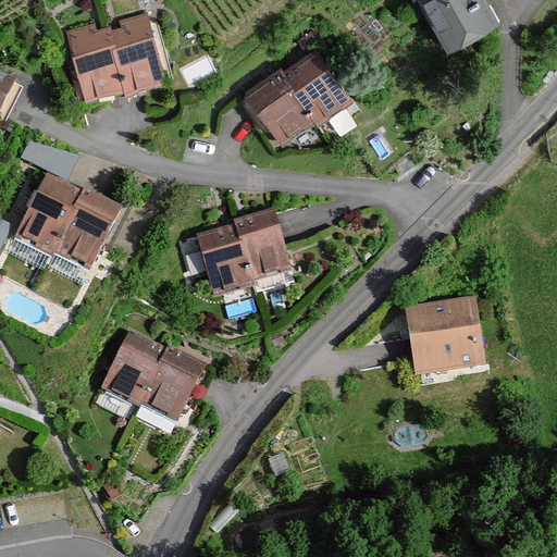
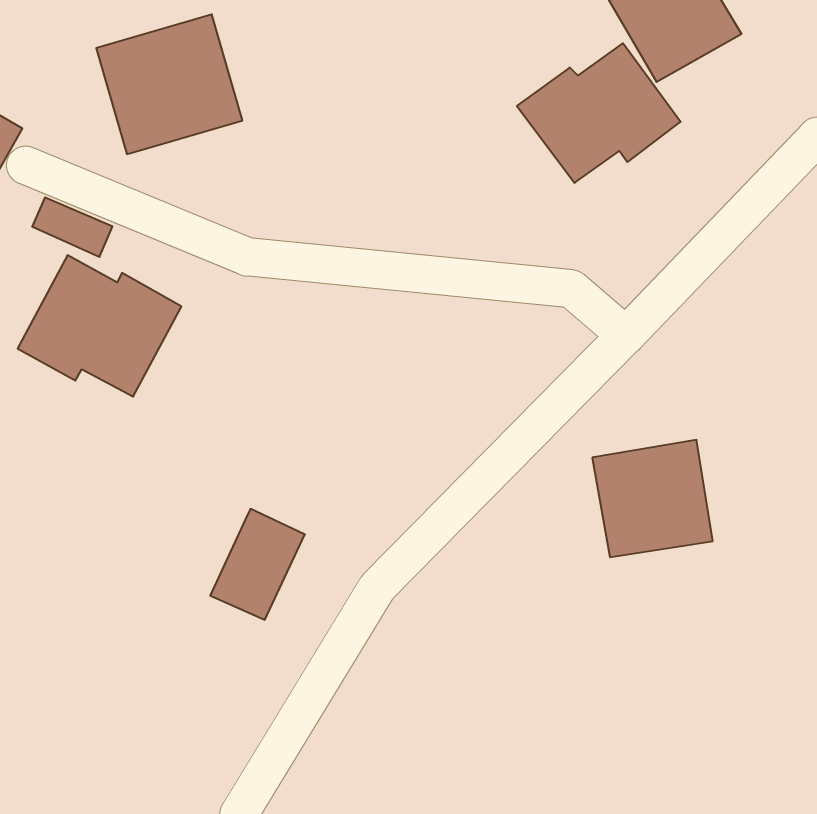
building: [240,48,351,143] -> [517,43,681,183]
building: [194,209,294,299] -> none
building: [102,332,168,407] -> none

